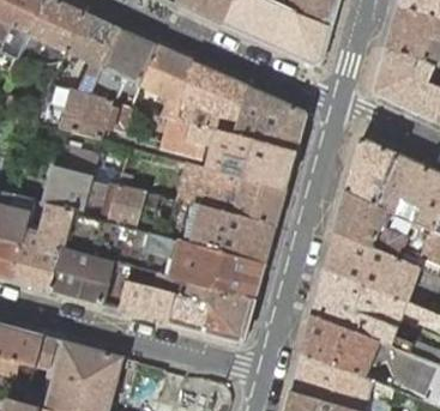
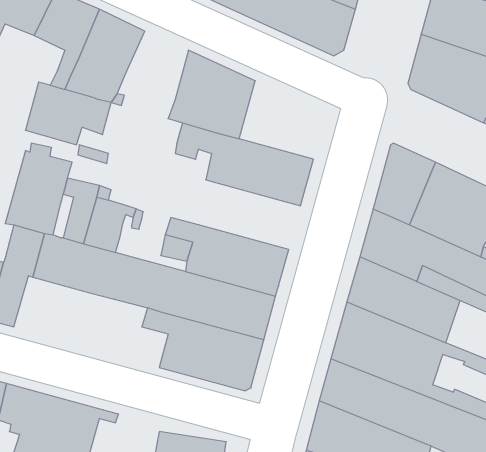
building: [140,47,193,119] -> none
building: [235,87,307,152] -> none
building: [176,163,285,226] -> none
building: [49,248,122,307] -> none
building: [120,283,176,324] -> none

